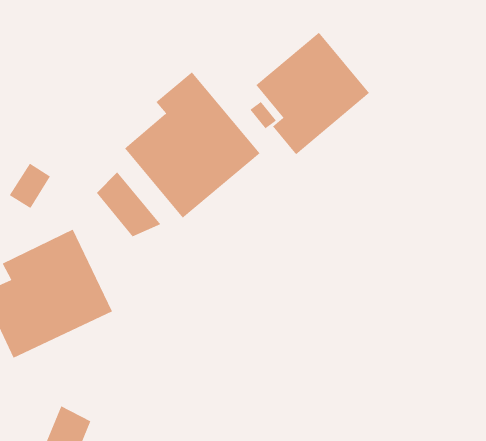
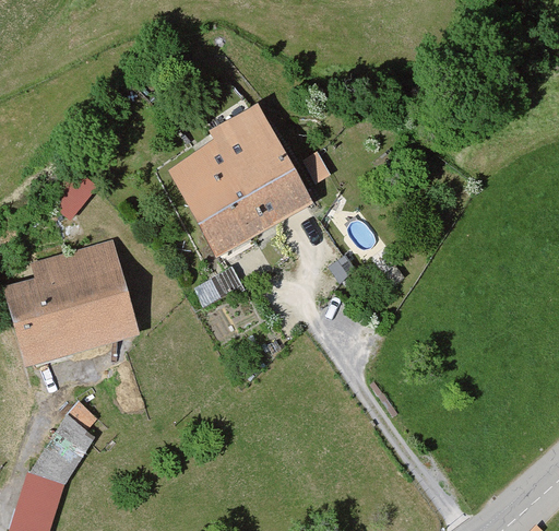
building: [255,32,370,155] -> none
building: [96,172,161,237] -> none

